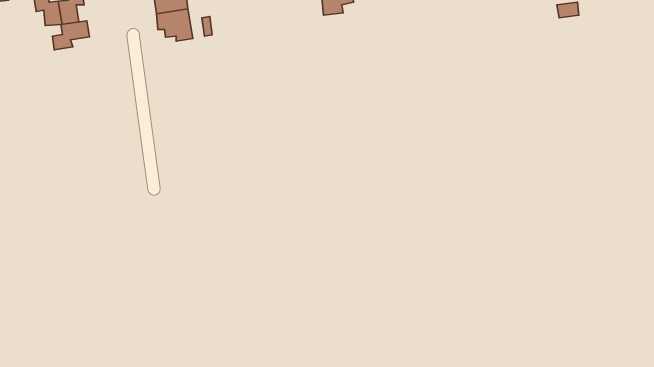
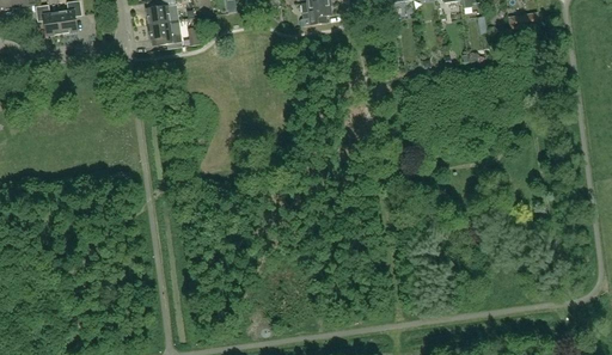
building: [52,21,89,50] -> none

